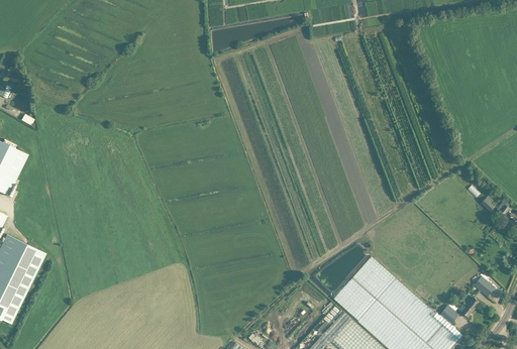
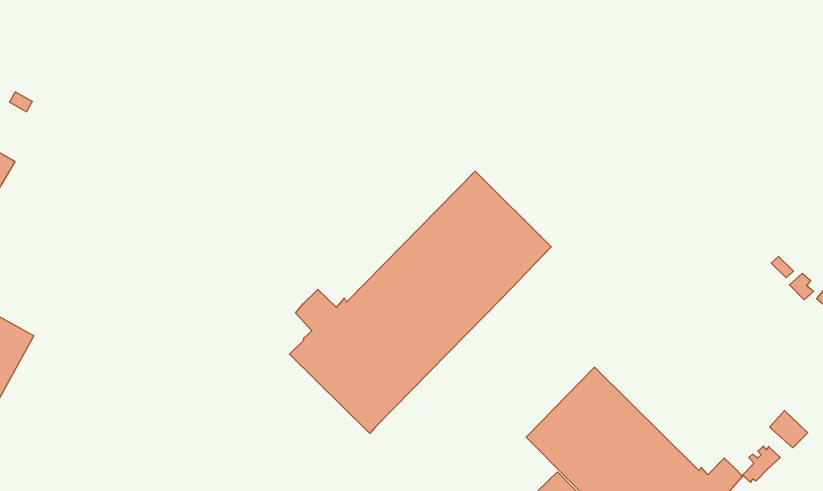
building: none -> [289,171,551,433]

